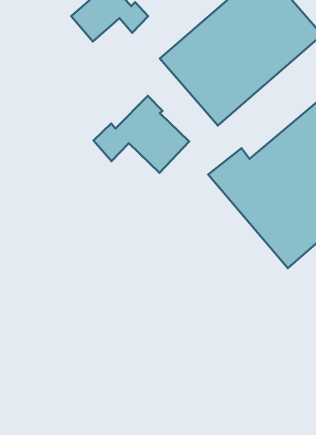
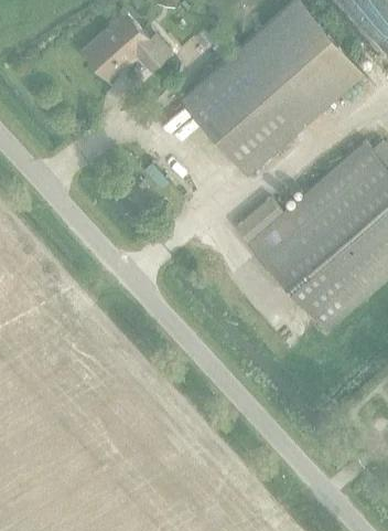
building: [94,96,189,173] -> none

